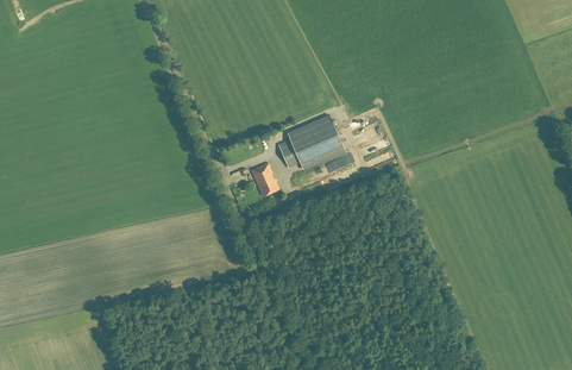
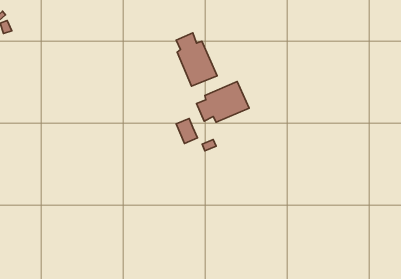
building: none -> [176,33,217,86]

